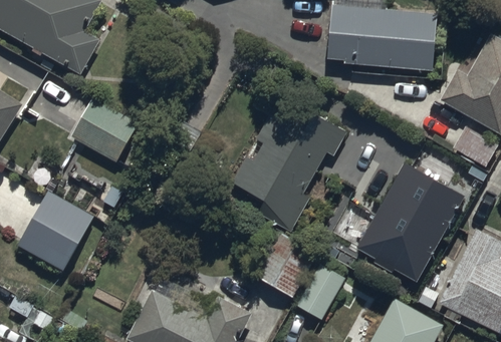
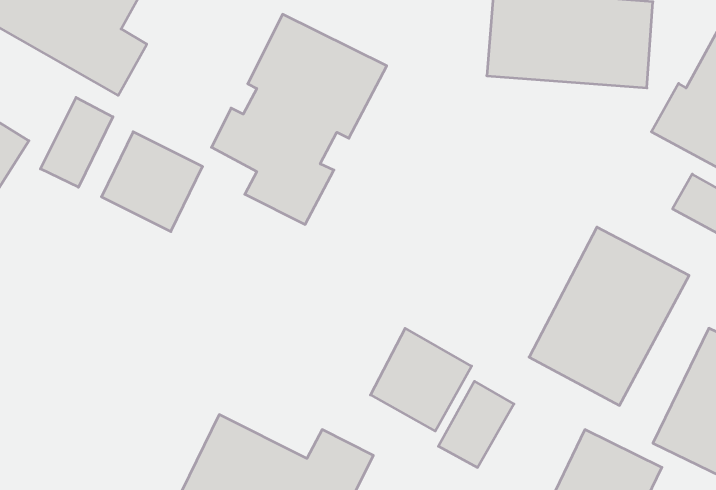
building: none -> [40,97,113,187]
building: [231,95,347,235] -> [211,14,387,224]
building: [18,194,93,272] -> none

